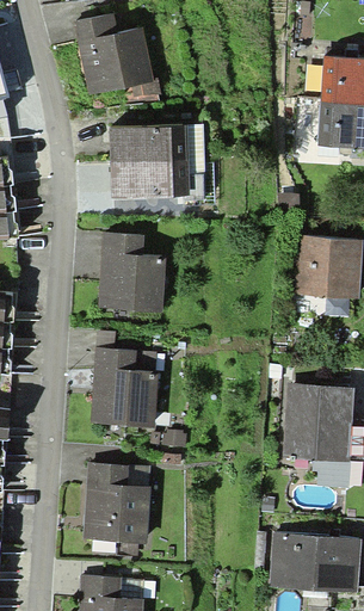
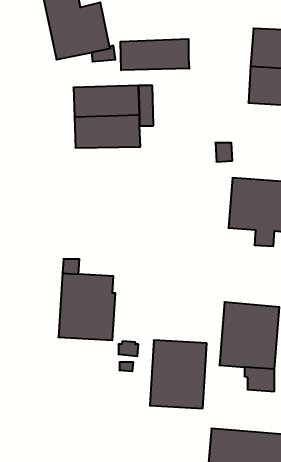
building: none -> [120,39,189,70]
building: [98,233,165,311] -> none
building: [82,462,150,543] -> [150,340,207,408]

